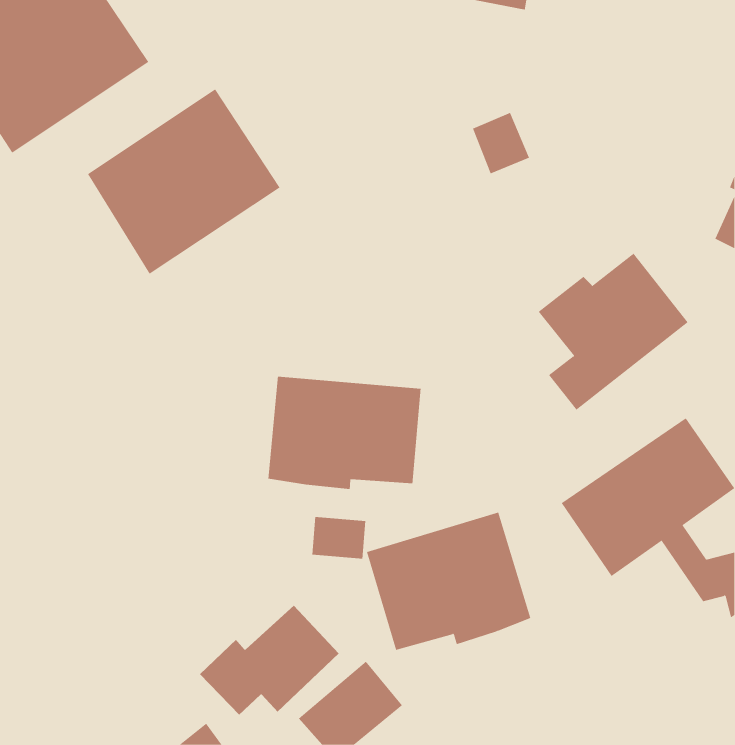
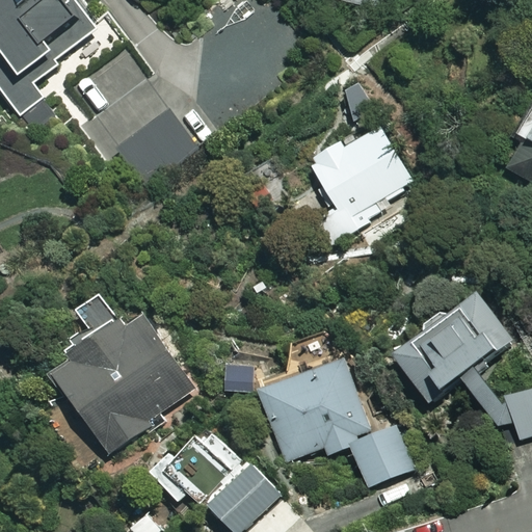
building: [538,253,688,411] -> [305,125,411,236]
building: [268,376,421,490] -> none
building: none -> [59,290,191,454]
building: none -> [350,428,410,483]

